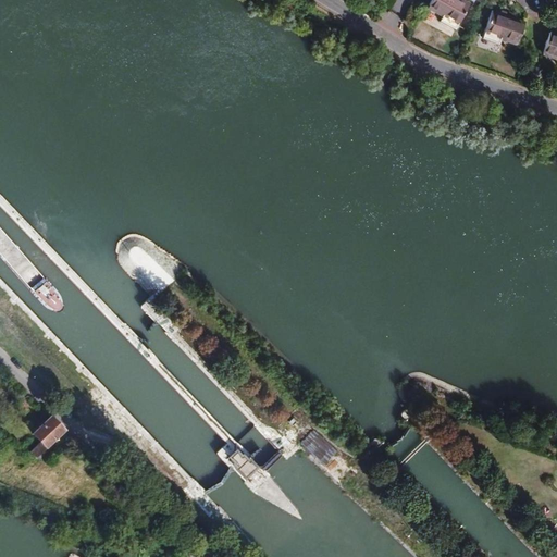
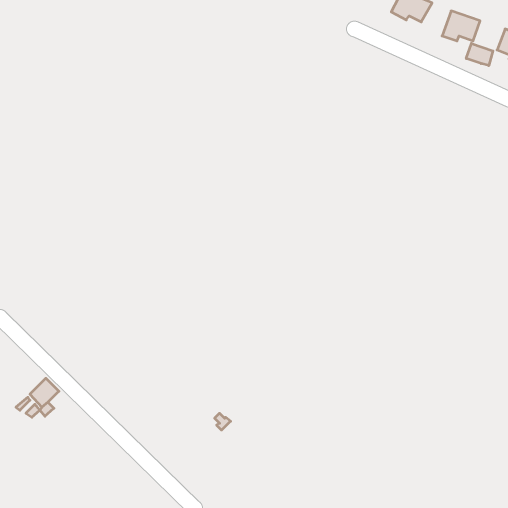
building: none -> [466,43,493,66]

